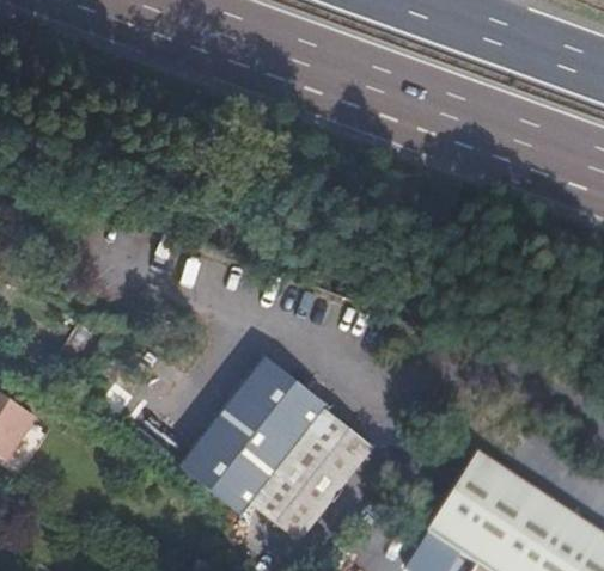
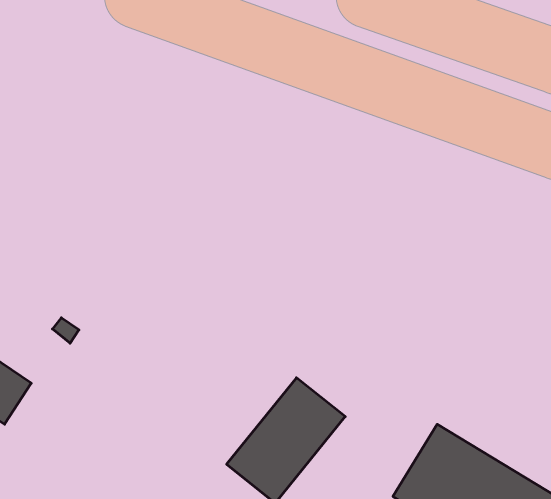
building: [181,358,324,510] -> none

